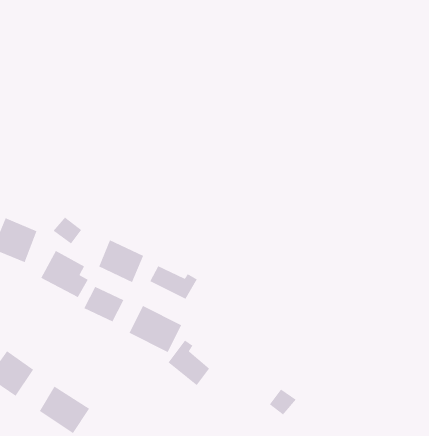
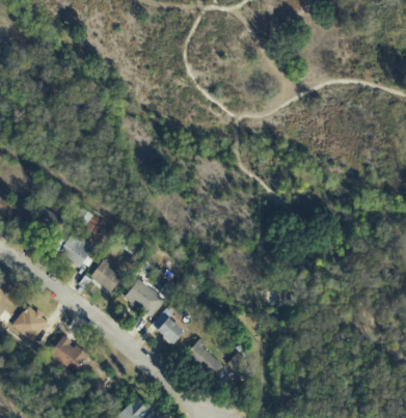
building: [98,239,144,283] -> none
building: [149,265,198,300] -> none
building: none -> [184,342,222,379]

